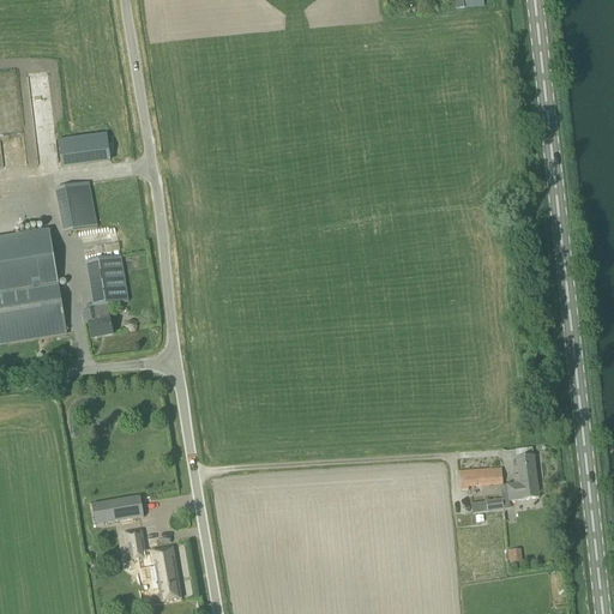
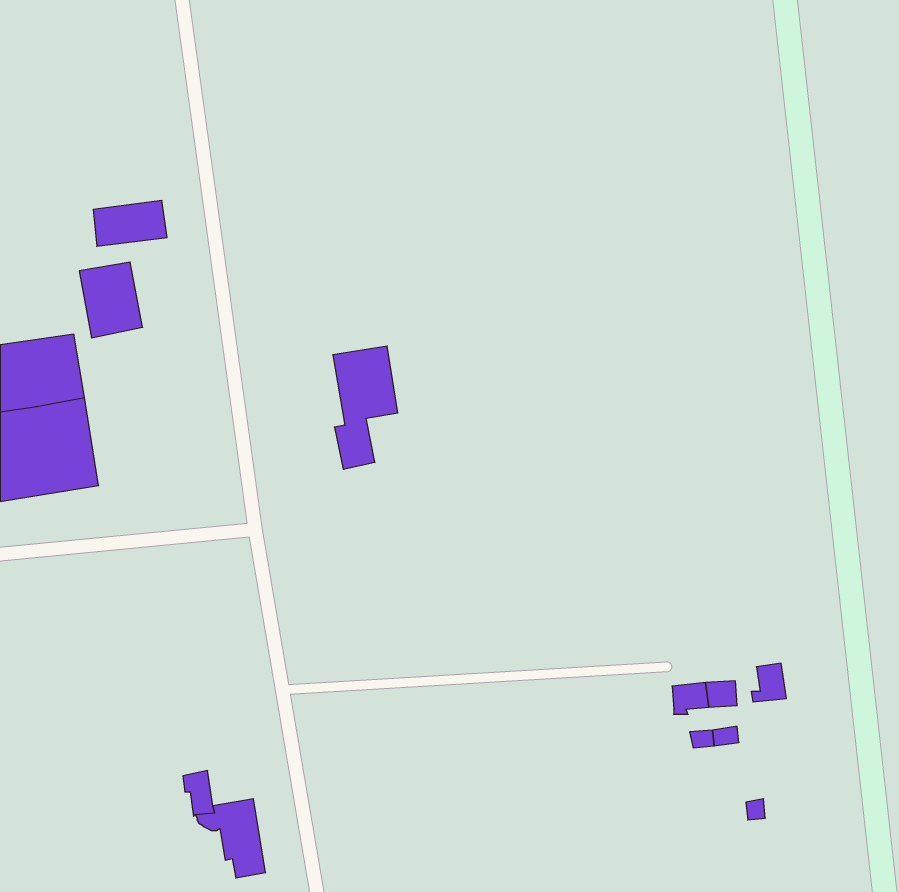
building: [84,252,128,336] -> [333,346,398,469]
building: [506,476,538,498] -> none
building: [92,494,143,523] -> none

